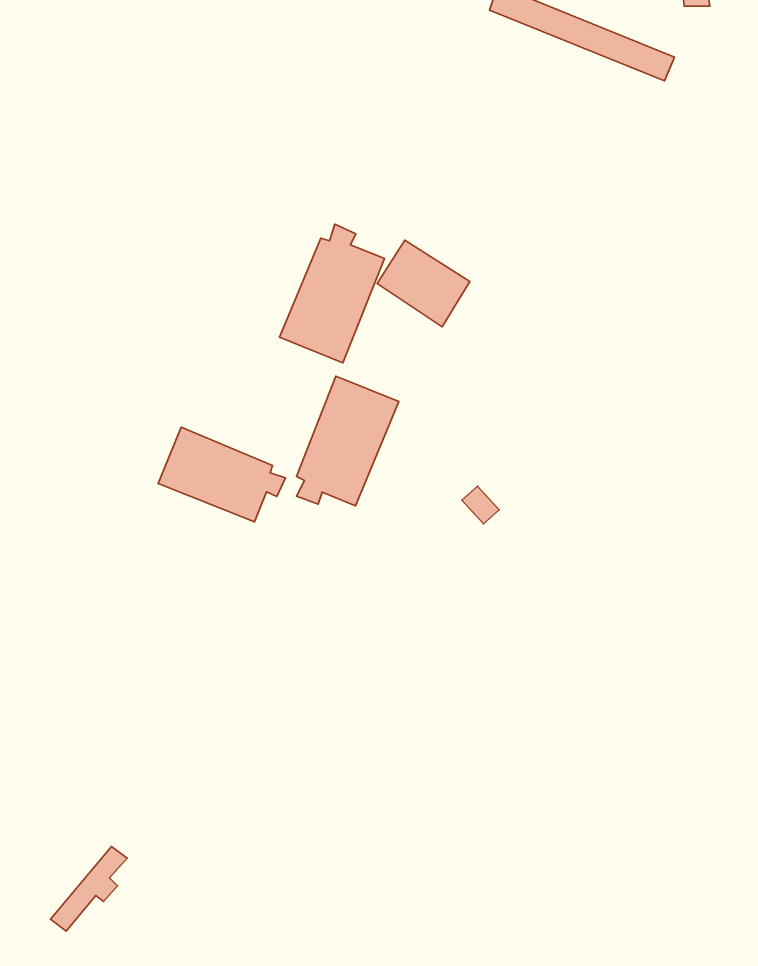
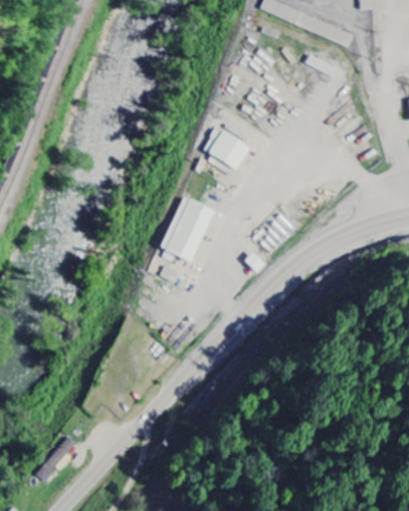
building: [279,224,384,363] -> none
building: [158,427,285,522] -> none

